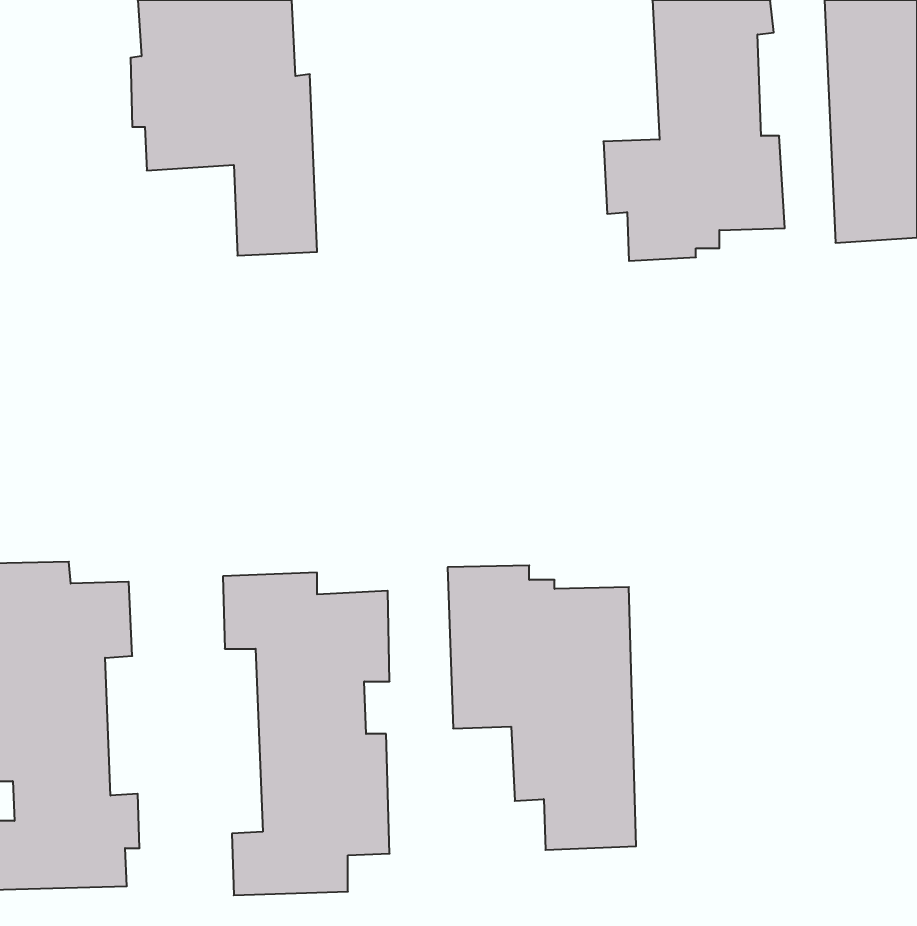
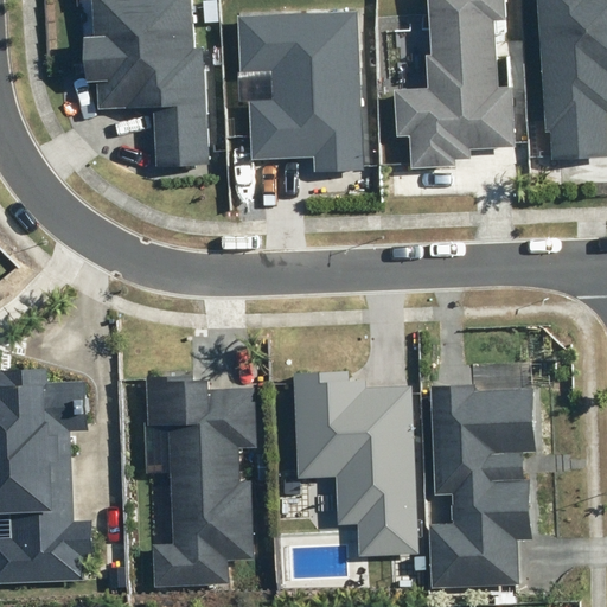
building: none -> [235,9,366,174]
building: none -> [427,383,532,587]

